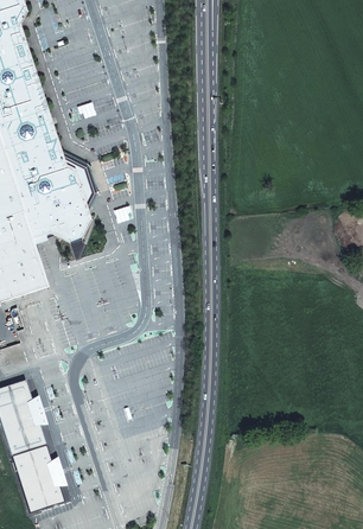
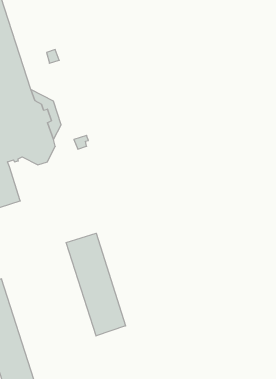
building: none -> [66,233,126,336]

